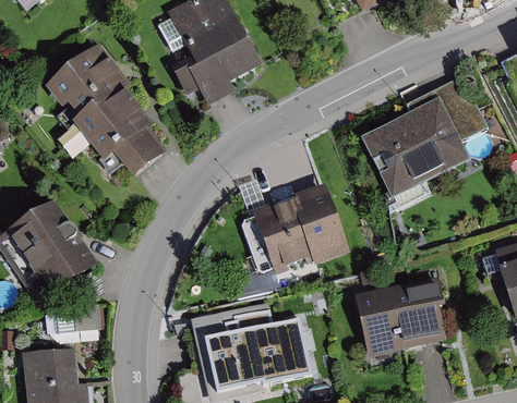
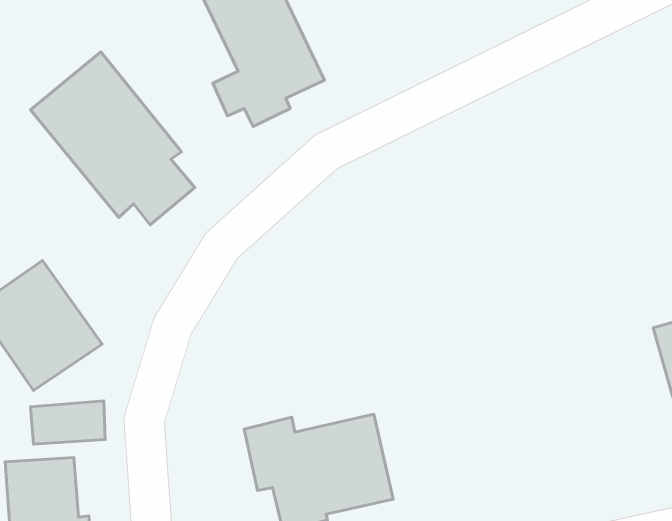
building: [362,78,482,196] -> none
building: [254,184,342,266] -> none
building: [359,279,442,353] -> none

